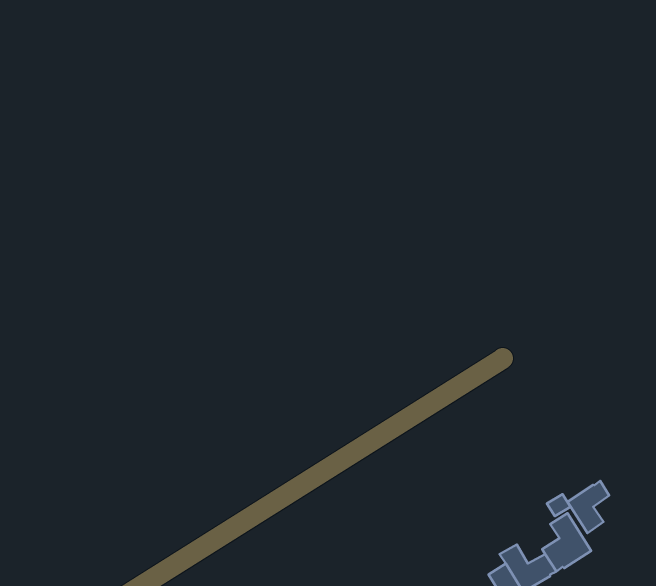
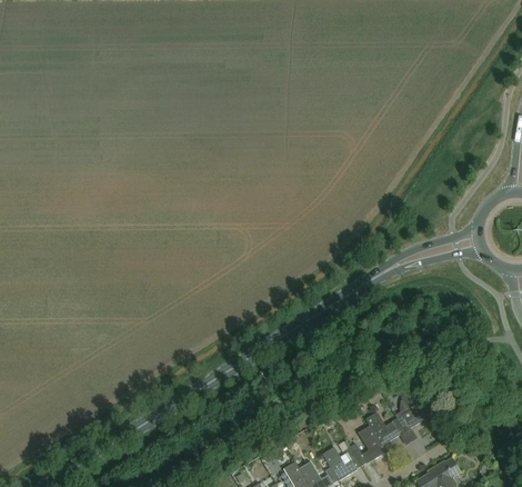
building: [567,481,609,533] -> none

